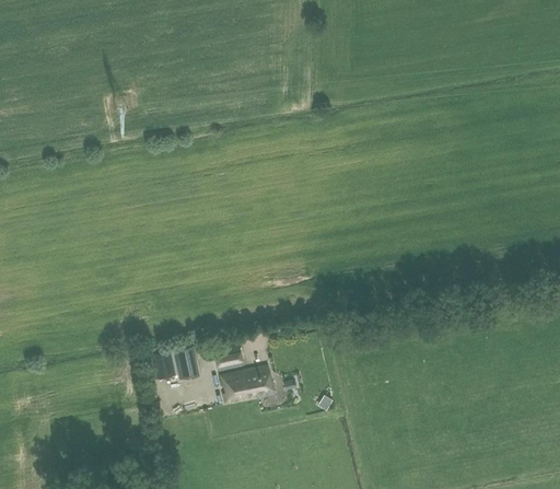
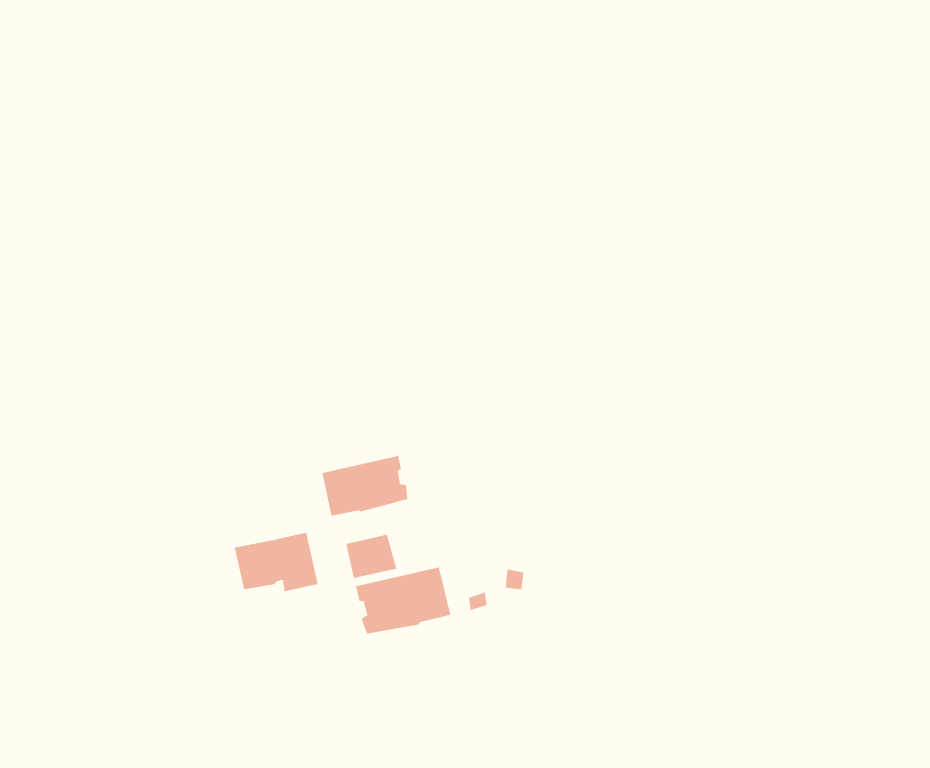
building: none -> [322,455,408,517]

